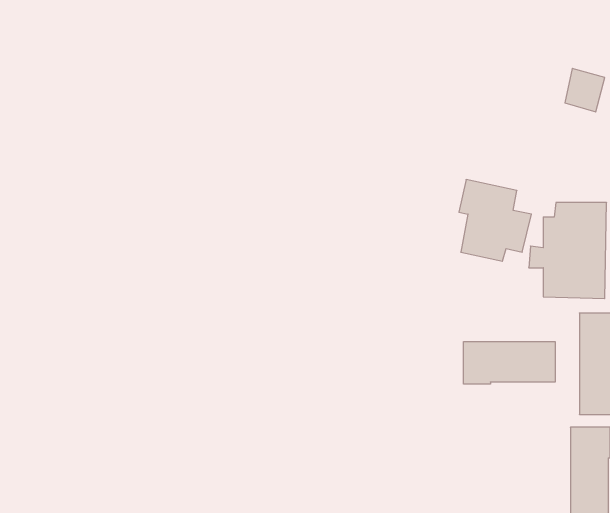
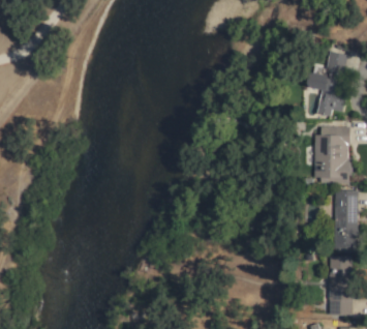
building: [459,180,531,261] -> [306,71,347,118]
building: [464,342,555,384] -> none

